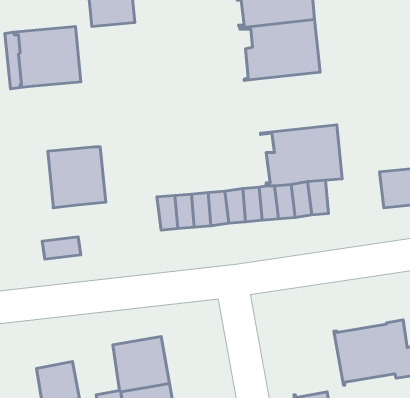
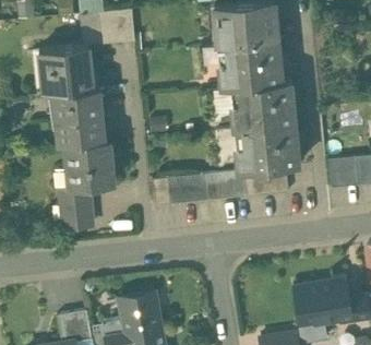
building: none -> [230,80,295,129]
building: none -> [55,87,104,144]
building: none -> [60,186,91,214]

